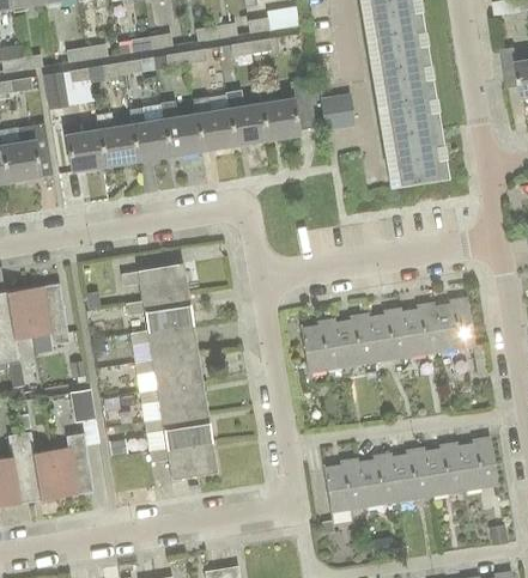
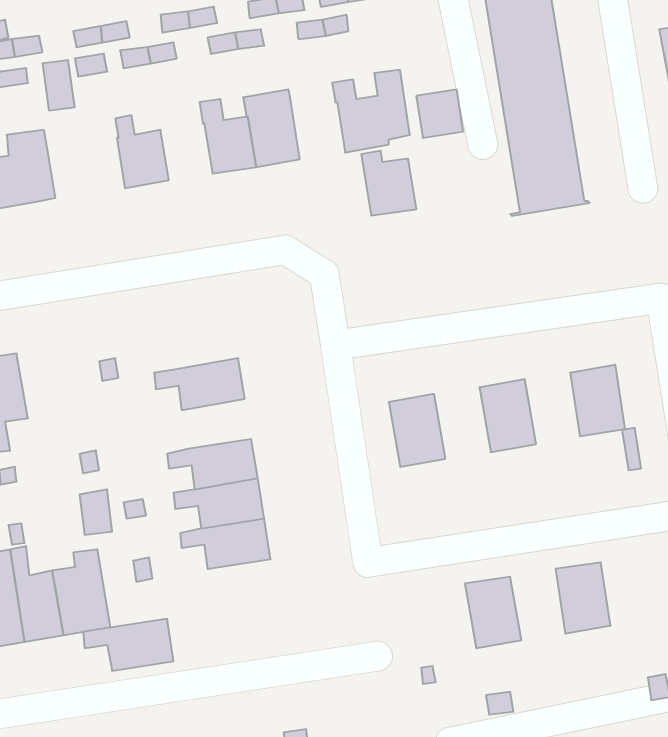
building: [226,97,267,145] -> [361,151,416,216]
building: [128,107,169,160] -> none
building: [63,123,104,171] -> none
building: [121,262,188,300] -> none
building: [24,284,68,345] -> none
building: [400,303,441,355] -> none
building: [333,314,375,366] -> none
building: [131,322,198,359] -> none
building: [456,437,497,489] -> none
building: [150,440,217,479] -> [83,619,174,671]
building: [389,448,430,500] -> none
building: [322,458,364,511] -> none

